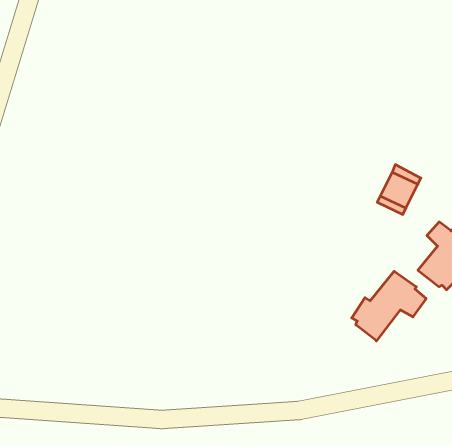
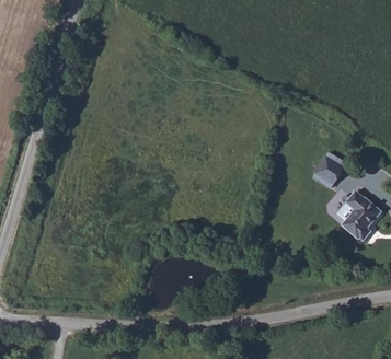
building: [352,271,426,341] -> none

